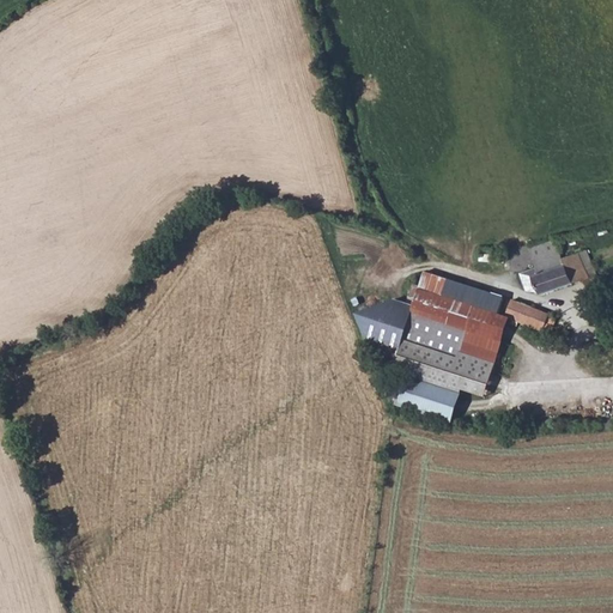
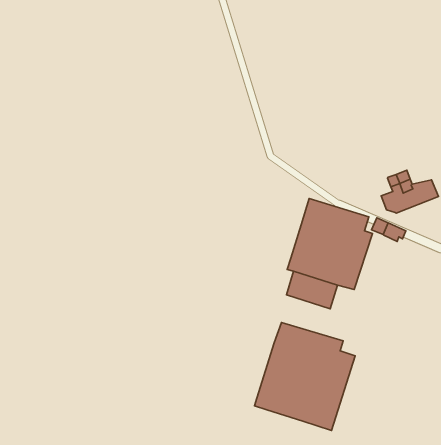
building: [358,301,411,352] -> none
building: none -> [254,323,355,430]

